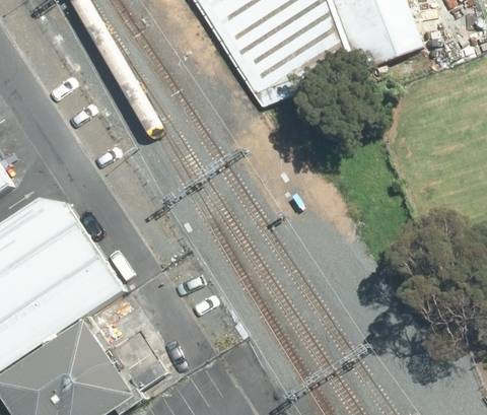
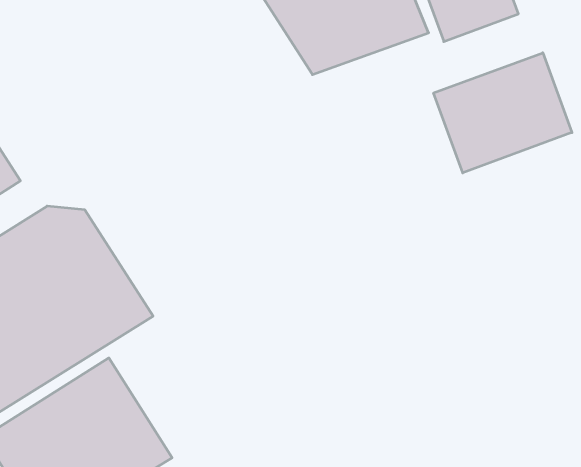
building: none -> [434,53,572,173]

